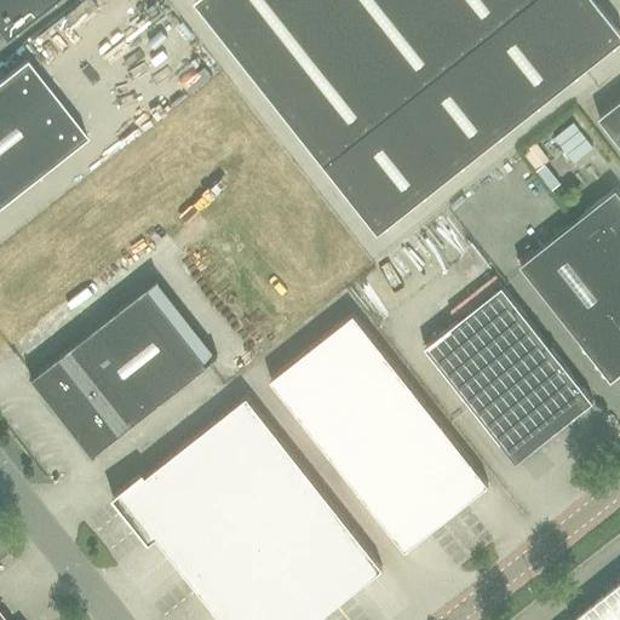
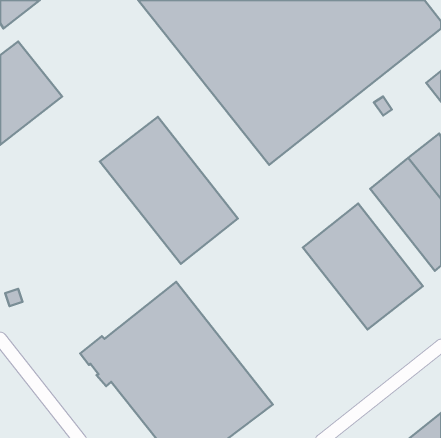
building: none -> [100,117,238,264]
building: [30,283,218,461] -> none
building: [270,317,488,553] -> none

